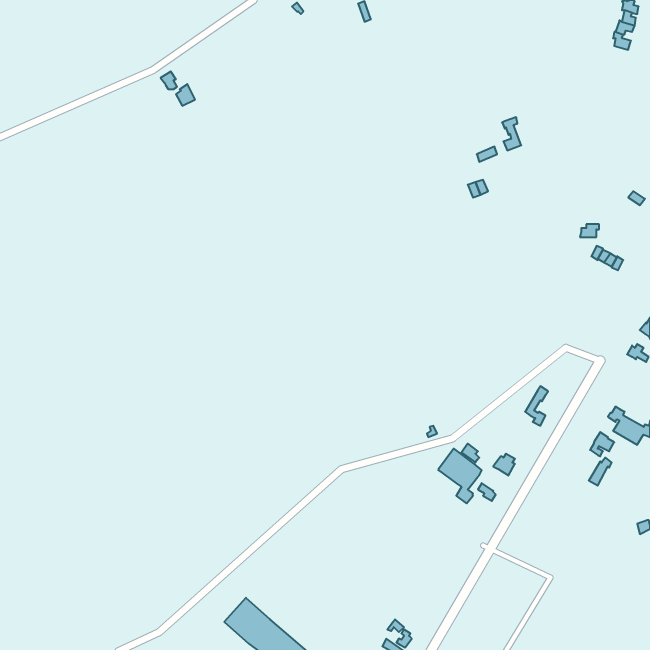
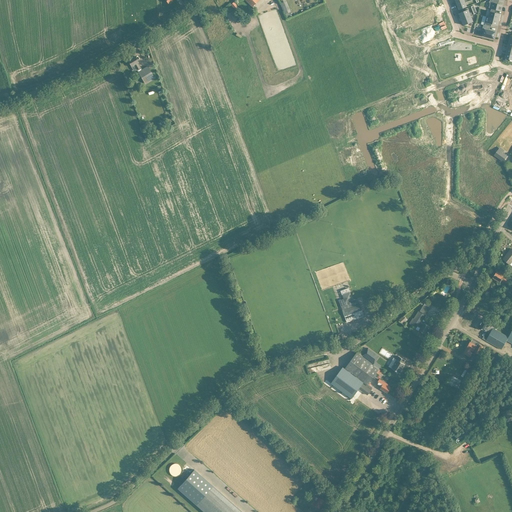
building: none -> [340,293,363,324]
building: none -> [330,368,362,399]

